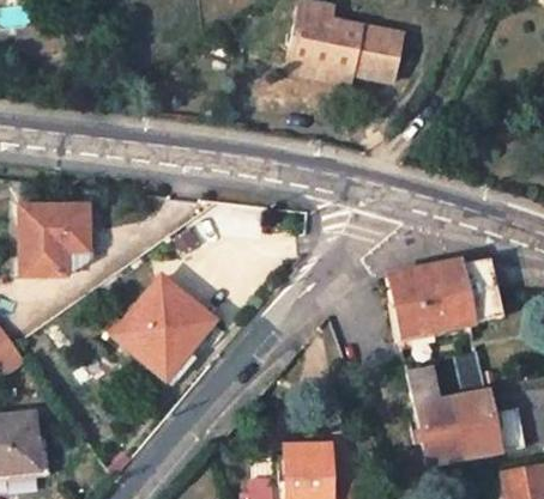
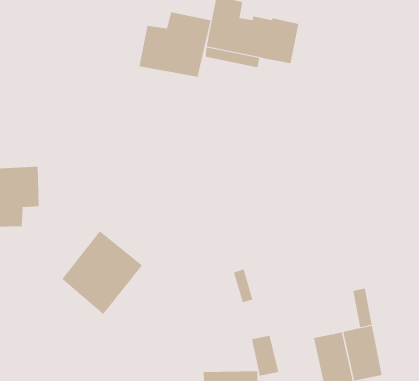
building: none -> [139,12,211,77]
building: [389,260,502,336] -> none
building: [406,358,440,407] -> [251,335,279,376]

